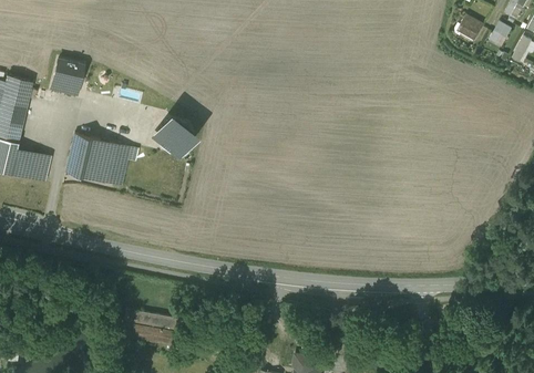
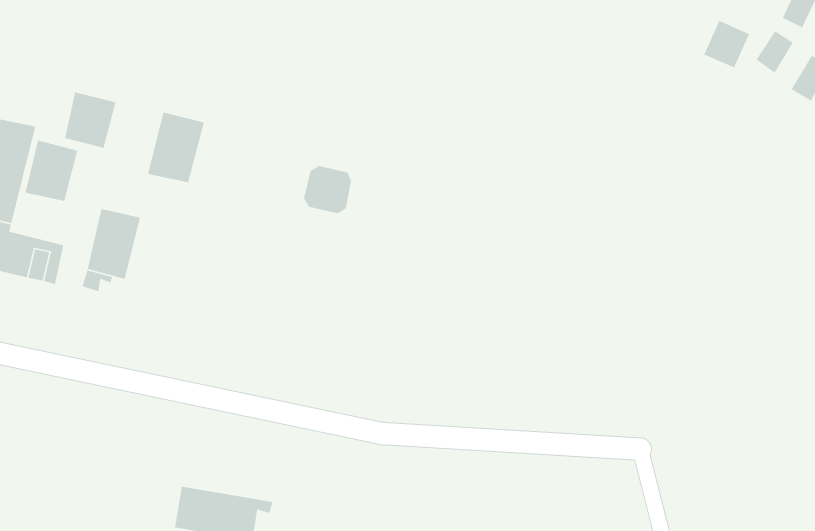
building: none -> [25,139,78,202]
building: [160,121,191,152] -> [303,165,352,214]
building: [90,139,126,185] -> [147,112,205,183]

